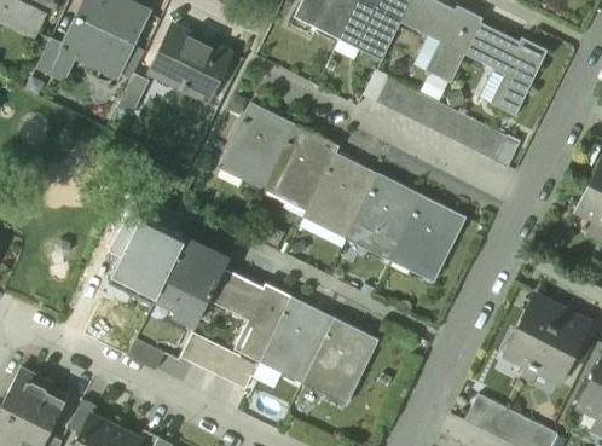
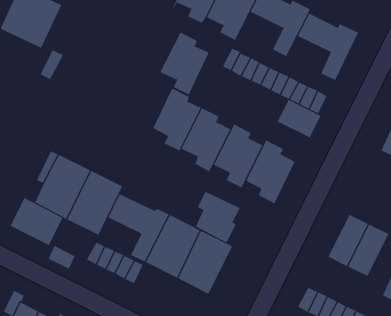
building: [150,27,228,100] -> none
building: [224,104,291,190] -> [160,32,210,95]
building: none -> [277,99,321,138]
building: none -> [195,190,240,243]
building: none -> [10,197,63,246]

